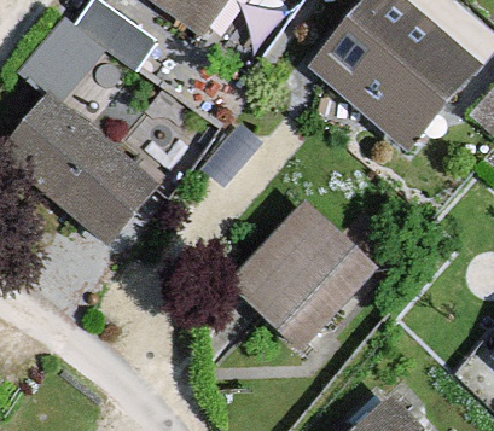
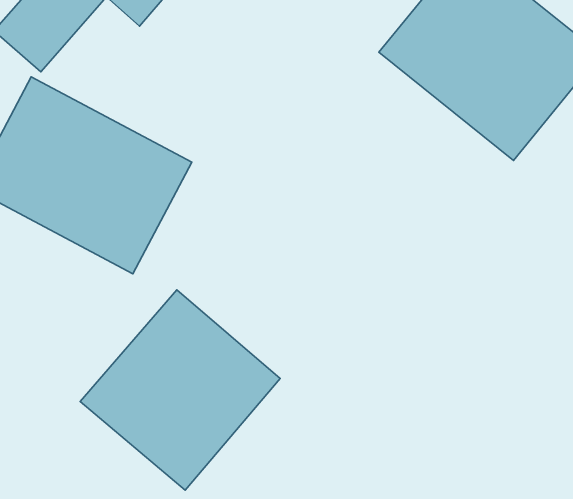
building: [228,203,376,350] -> [80,290,280,490]

